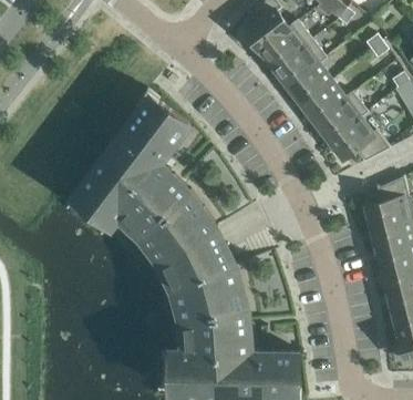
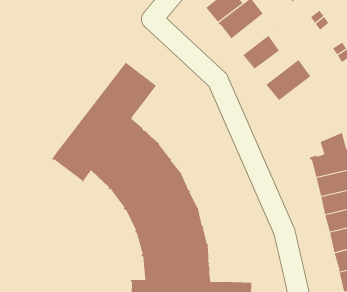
building: [275,39,327,88] -> none
building: [301,82,353,122] -> none
building: [330,112,390,162] -> none

